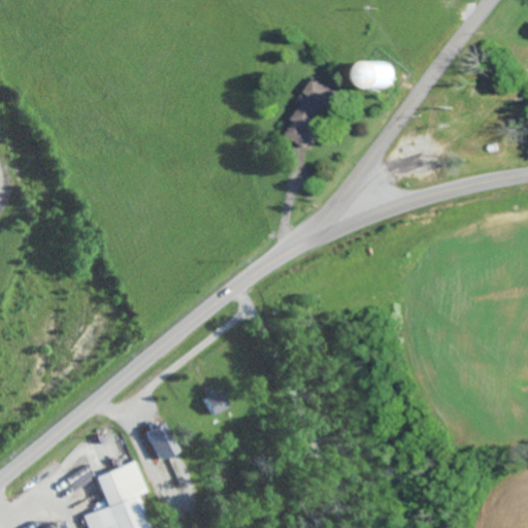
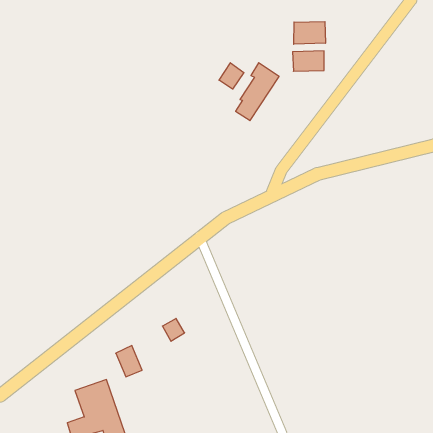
building: none -> [294,22,325,44]
building: none -> [219,63,244,89]

